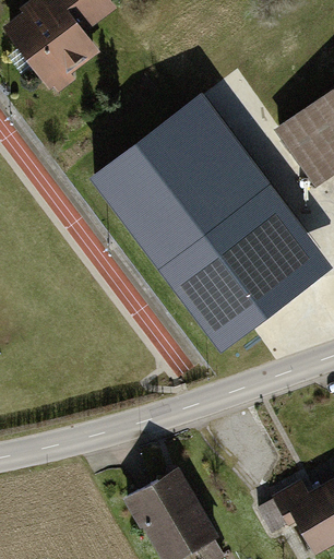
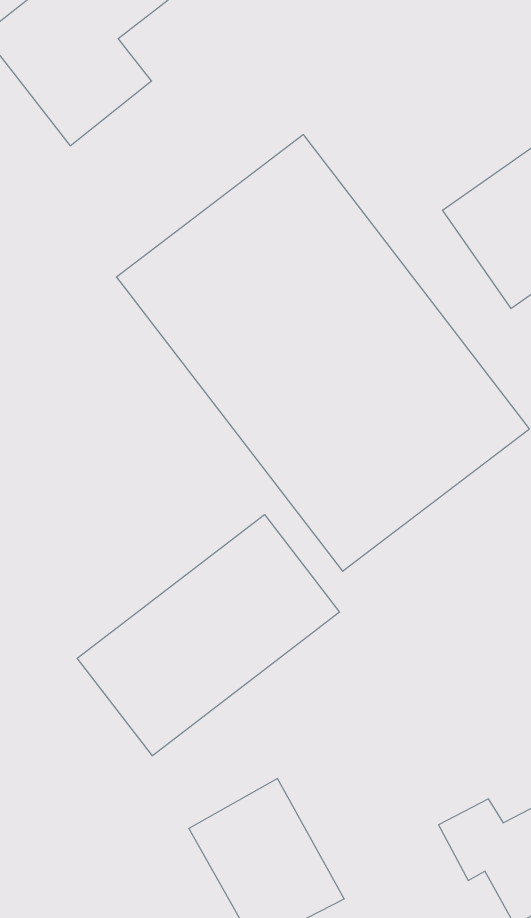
building: none -> [77,515,340,756]

